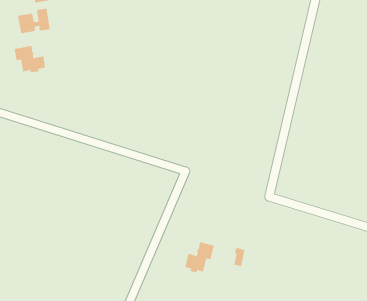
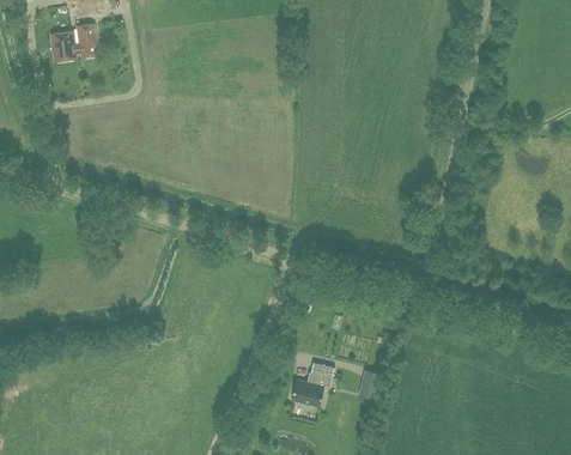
building: [14,45,46,73] -> none

